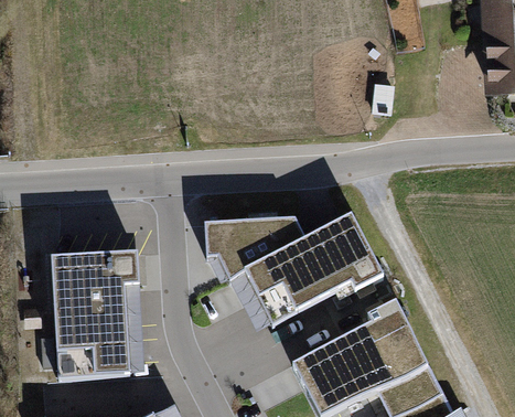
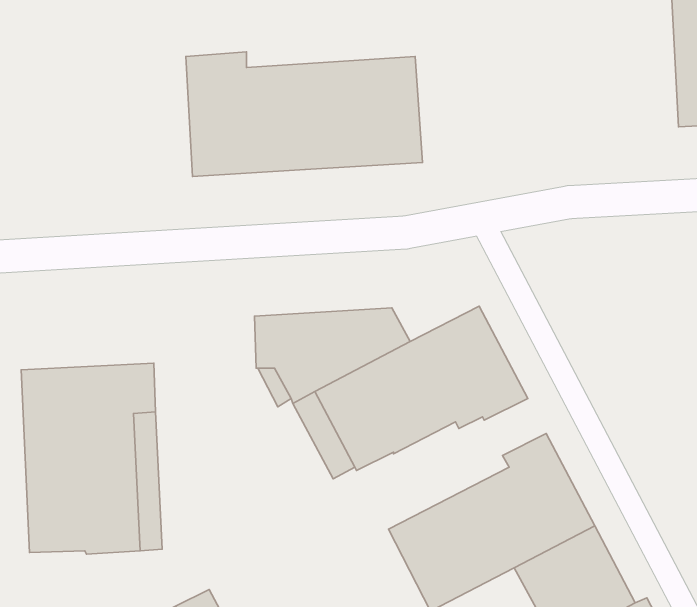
building: none -> [186,52,422,176]

